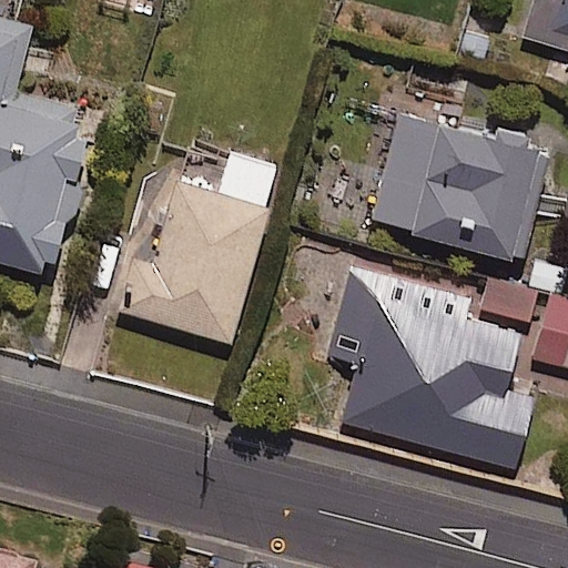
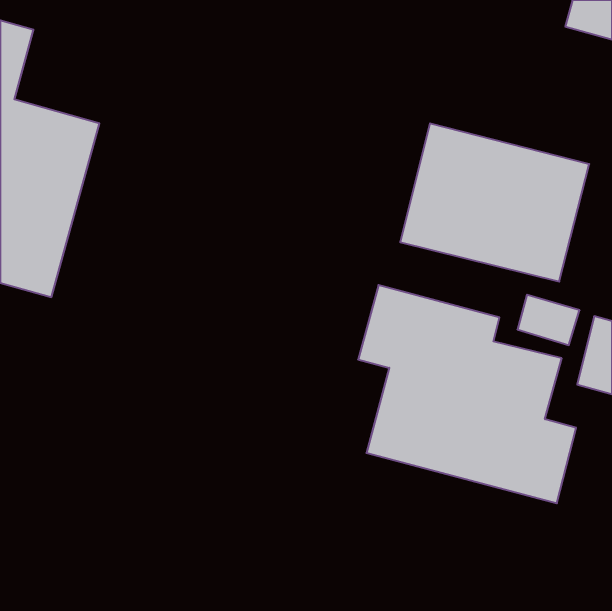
building: [118,154,277,342] -> none

